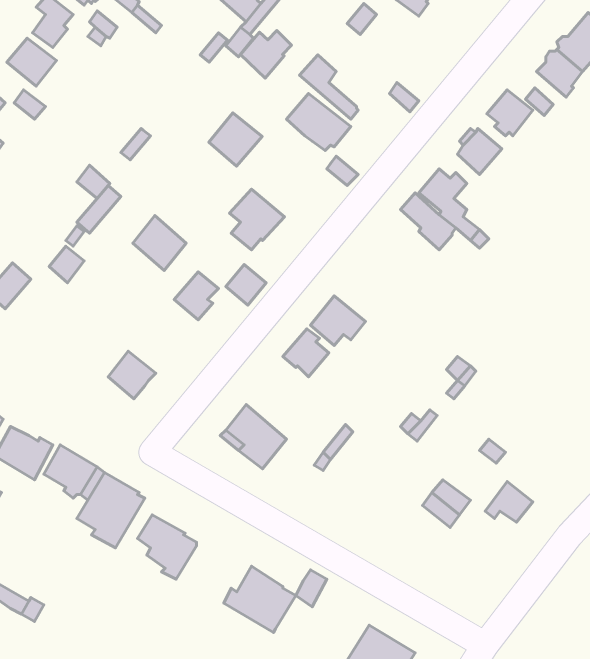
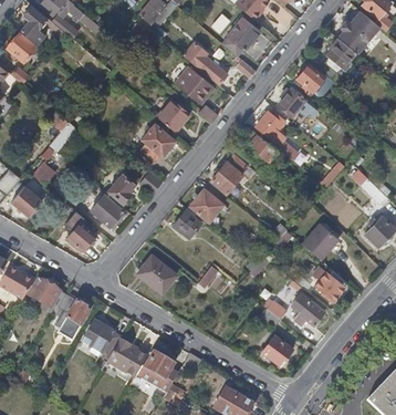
building: none -> [222,18,260,55]
building: [240,30,292,78] -> none
building: [209,113,262,166] -> [158,98,190,131]
building: [133,215,186,271] -> [91,194,123,227]
building: none -> [211,154,248,193]
building: none -> [12,185,43,216]
building: none -> [302,224,337,259]
building: none -> [312,264,345,302]
building: none -> [262,335,292,365]
building: none -> [107,339,148,378]

